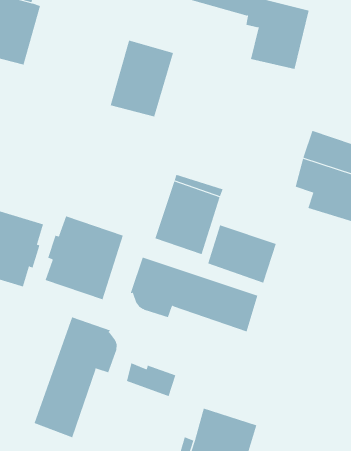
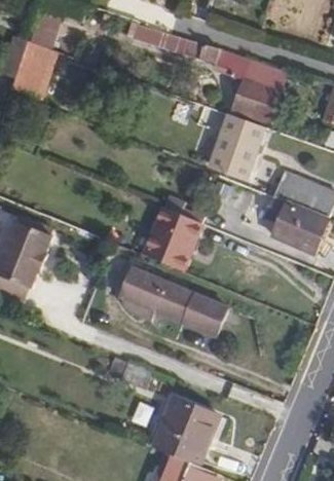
building: [110,40,174,117] -> [209,113,265,179]
building: [45,215,124,300] -> none
building: [208,225,277,284] -> none
building: [34,316,117,438] -> none

